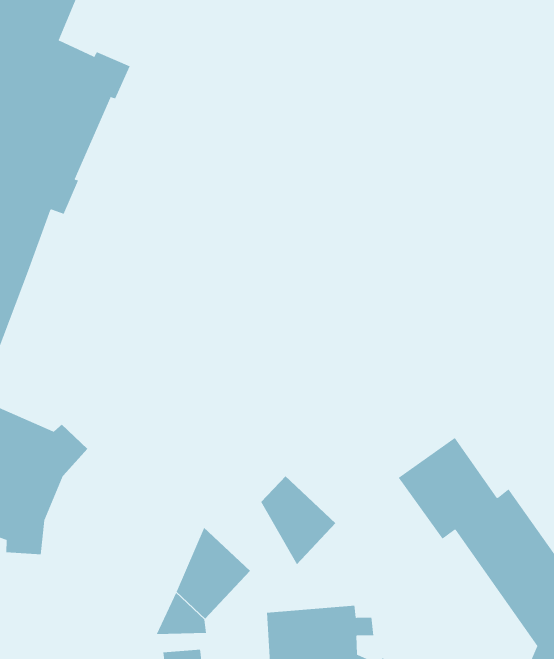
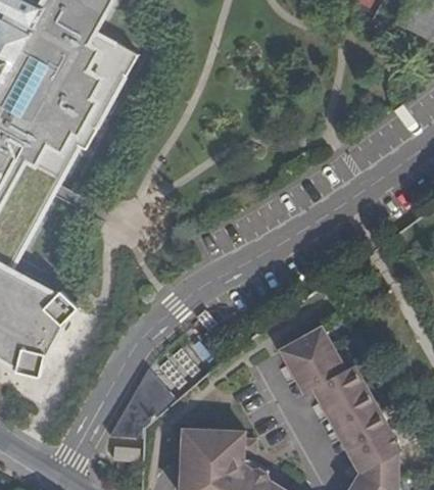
building: [261,476,336,565] -> none

